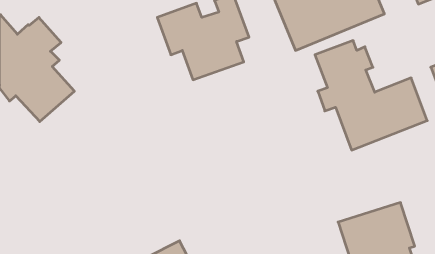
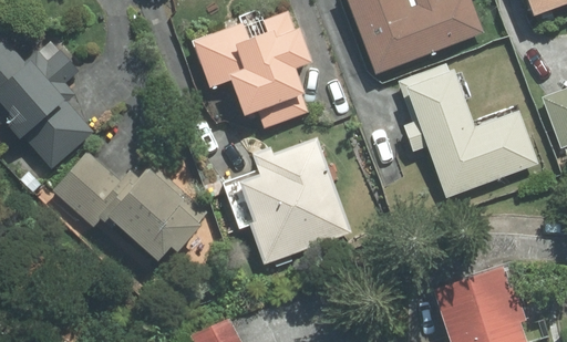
building: none -> [220,139,352,267]
building: none -> [52,151,198,267]

